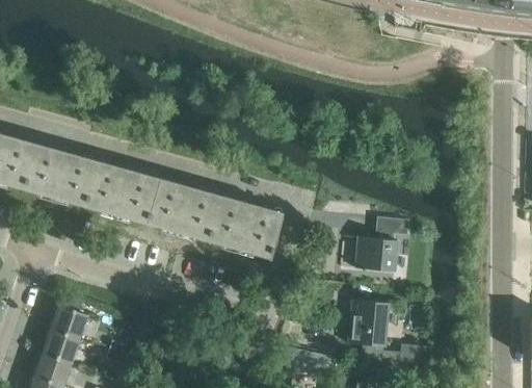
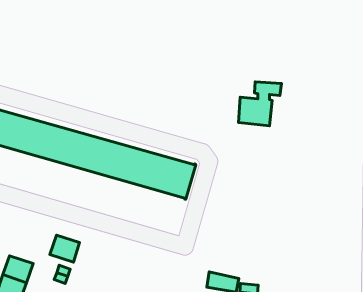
building: [356,217,409,271] -> [238,82,281,126]
building: [349,300,410,364] -> none
building: [52,305,88,338] -> [50,235,79,262]

